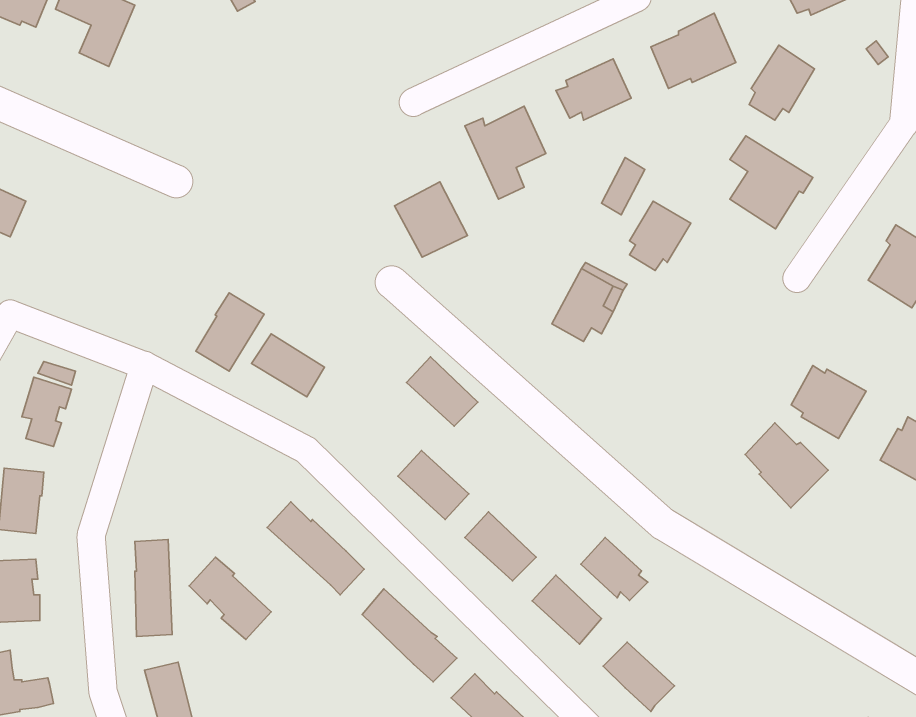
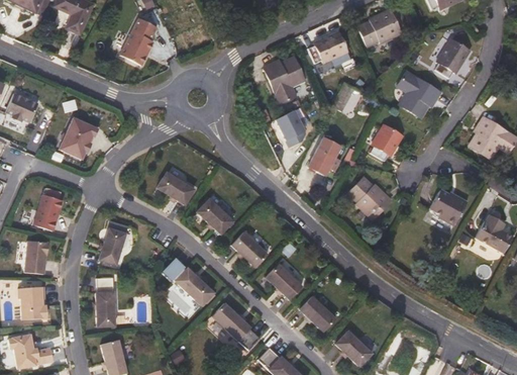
building: none -> [120,18,157,65]
building: [749,45,814,120] -> [436,38,470,77]
building: [394,182,468,257] -> [276,104,313,143]
building: [630,201,691,271] -> [372,124,403,160]
building: none -> [61,118,99,159]
building: [196,293,264,371] -> none
building: [407,357,478,426] -> [195,198,231,233]
building: [745,423,828,508] -> [349,176,392,219]
building: none -> [98,228,124,265]
building: [581,537,648,601] -> none
building: [189,557,271,639] -> none

